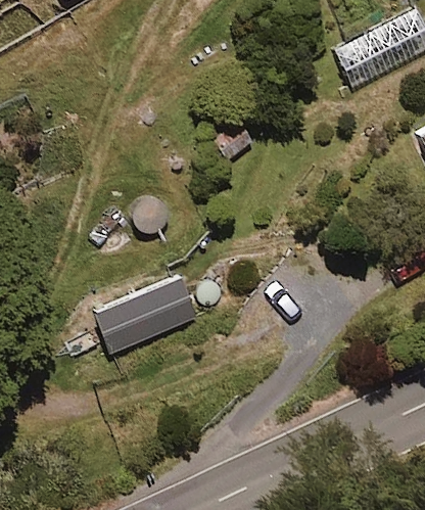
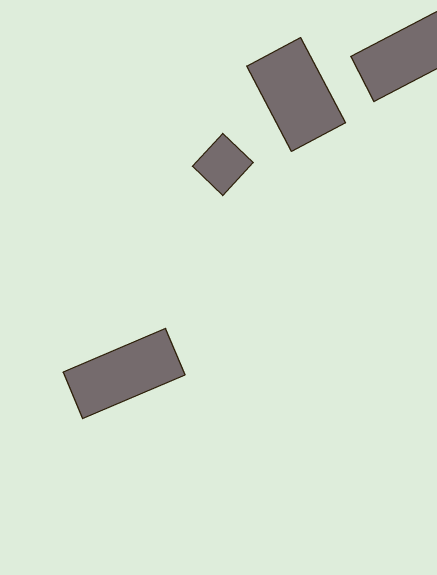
building: none -> [247,38,345,151]

